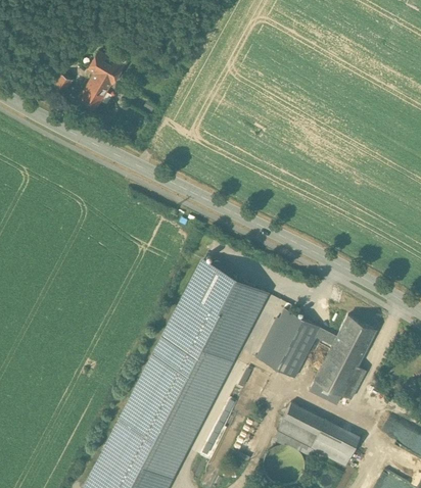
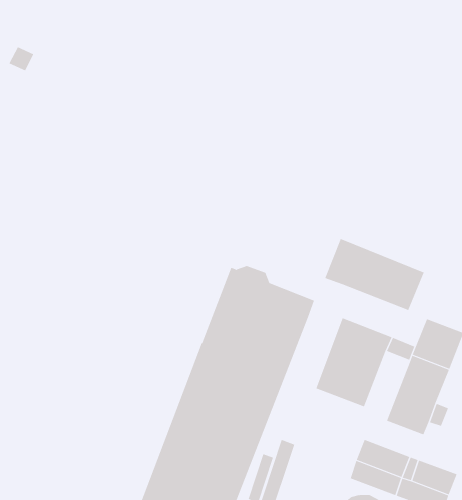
building: [78,53,122,111] -> none
building: none -> [325,238,424,311]

